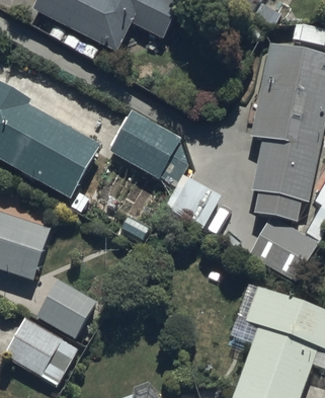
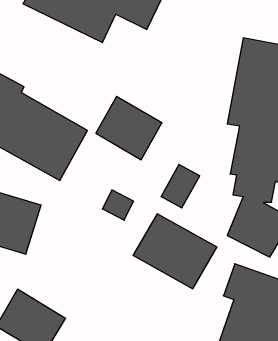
building: none -> [133,214,217,289]
building: [36,277,95,336] -> none

